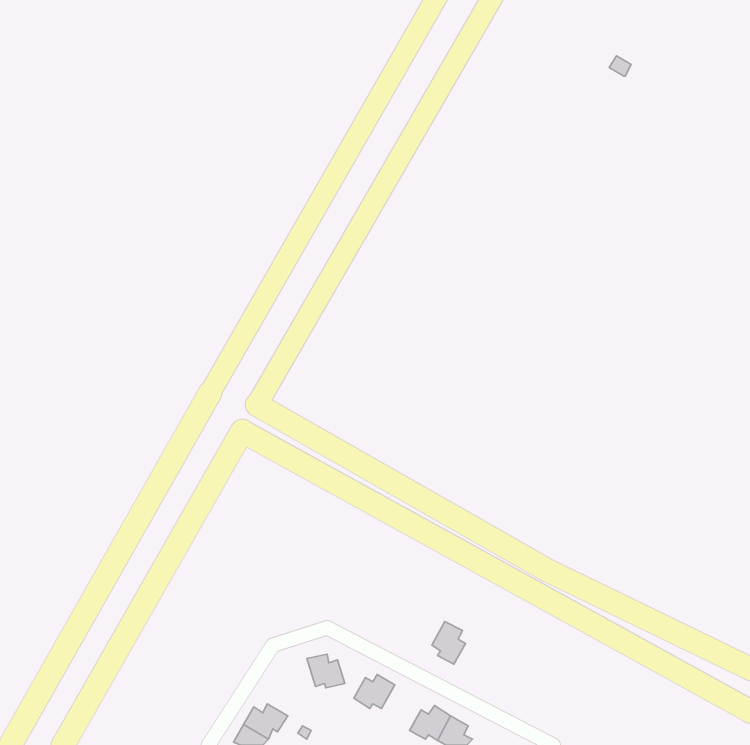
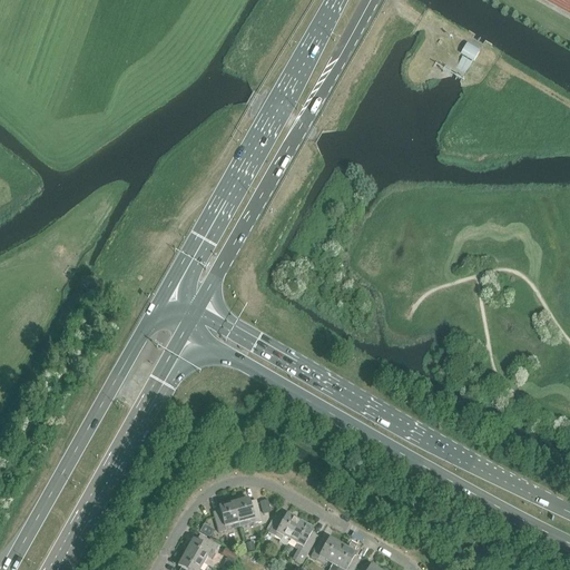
building: [432,622,465,664] -> [289,520,315,552]
building: none -> [214,500,239,531]

